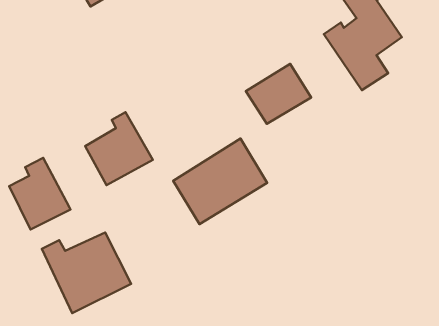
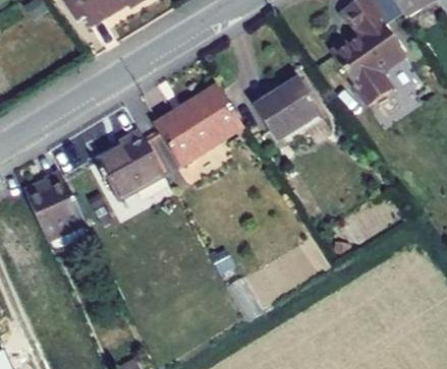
building: [173,139,267,224] -> [149,79,239,162]
building: [42,232,131,313] -> none

